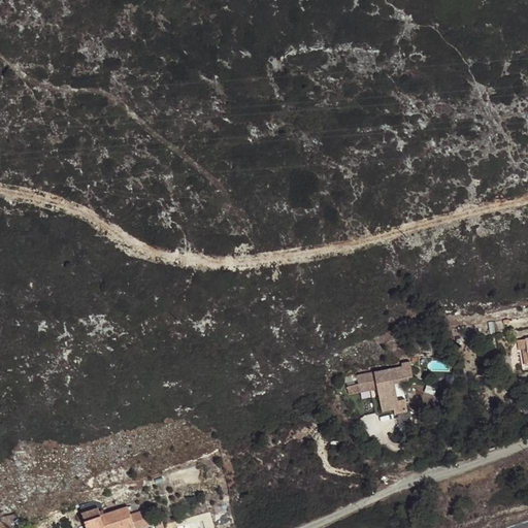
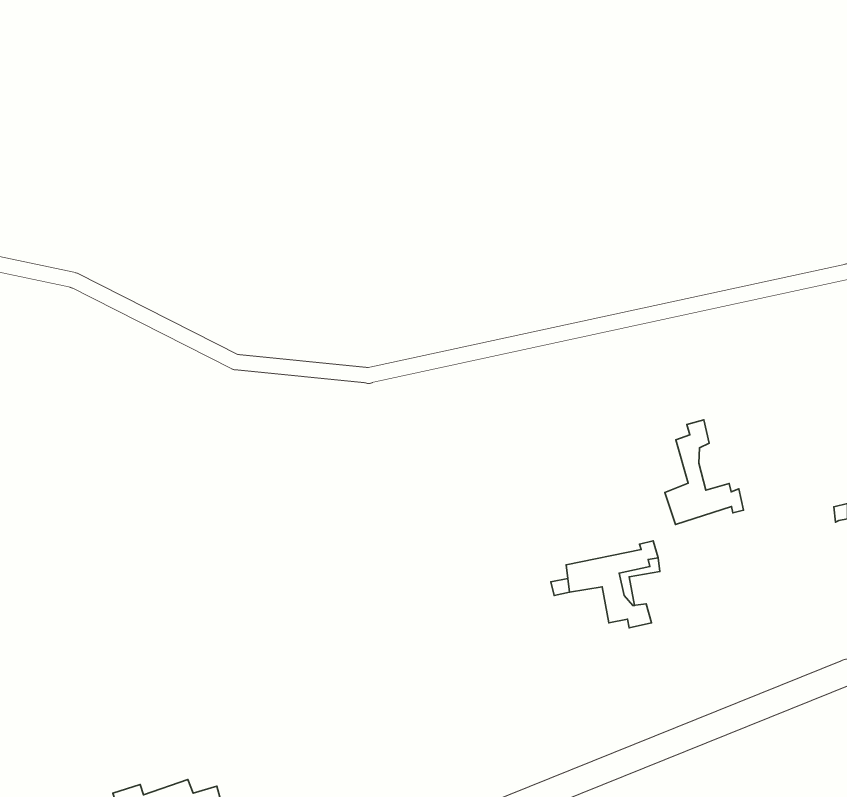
building: none -> [665,420,743,525]

